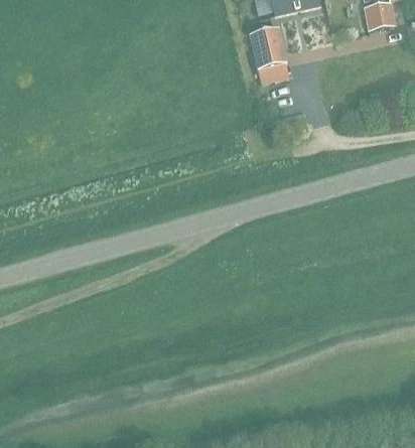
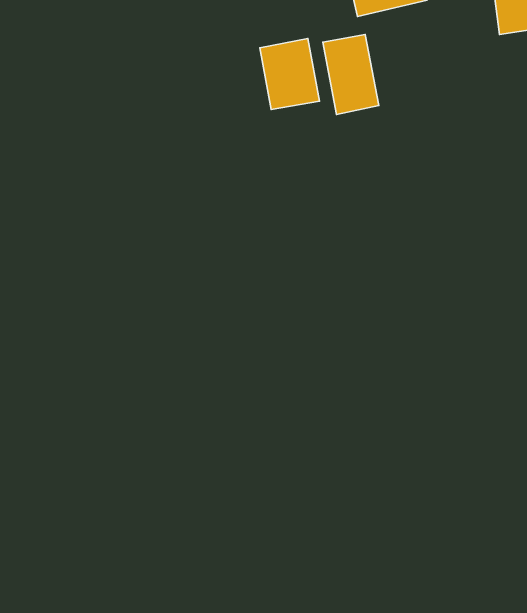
building: none -> [260,39,320,109]

